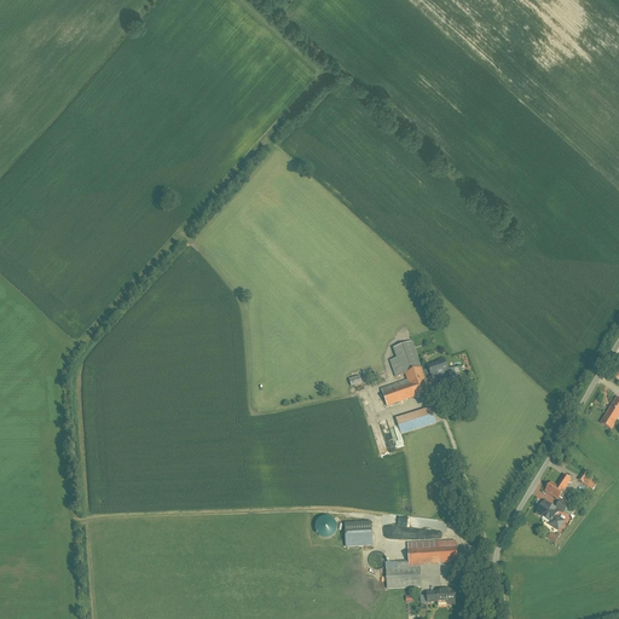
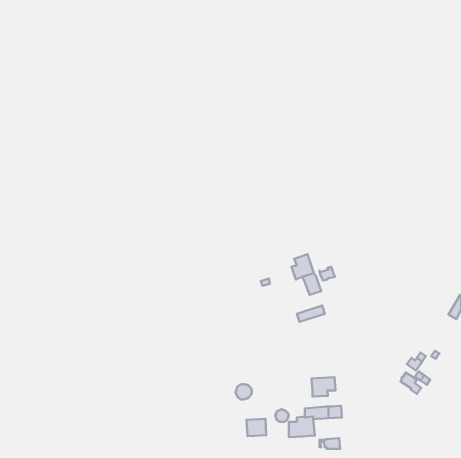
building: [381,378,415,404] -> none
building: none -> [312,377,335,397]
building: [346,521,372,544] -> [246,419,266,436]

